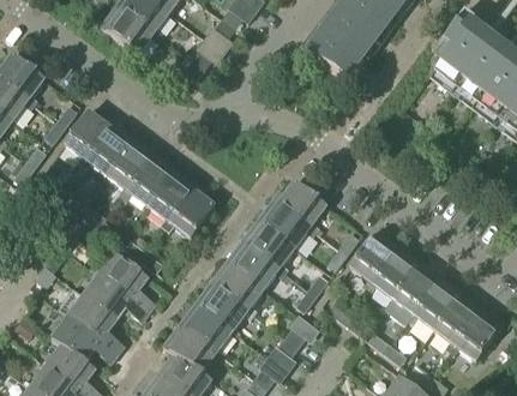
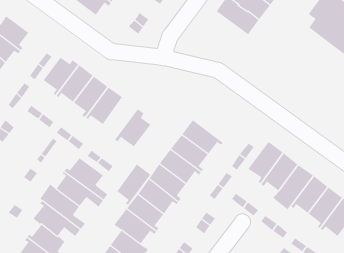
building: [149,167,197,226] -> [117,164,151,206]
building: [273,180,327,230] -> none

